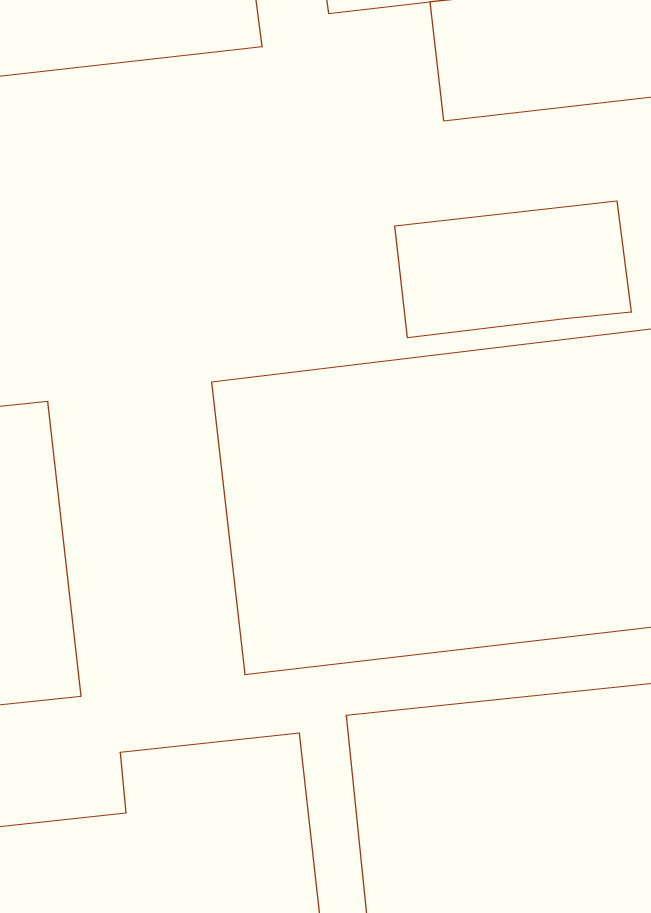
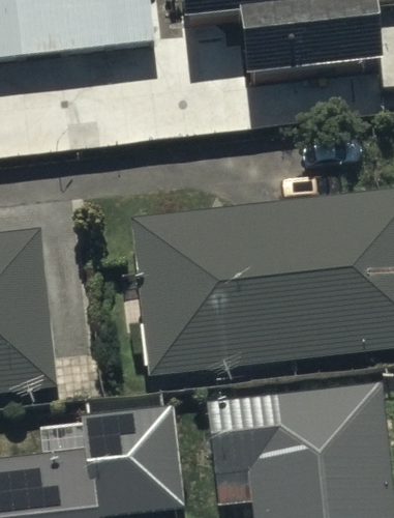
building: [395,201,631,338] -> none

